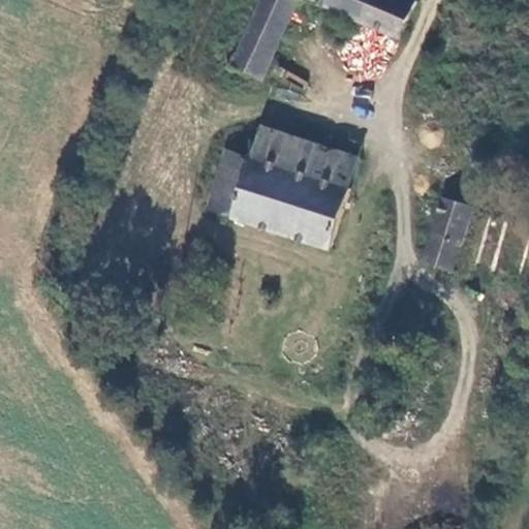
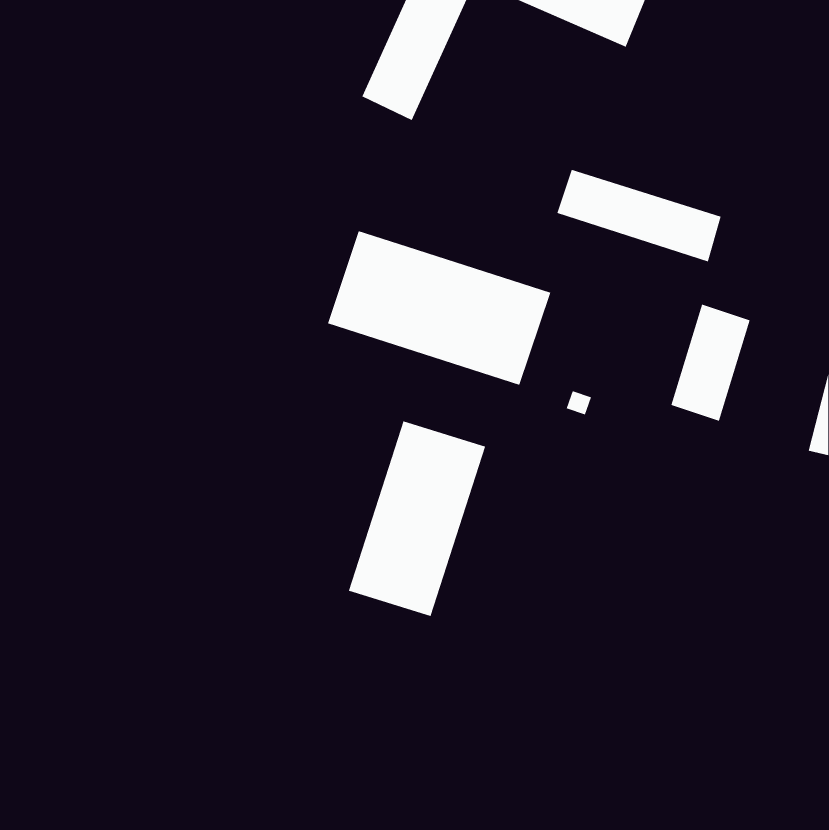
building: [252,126,356,185] -> [556,169,722,262]
building: none -> [348,421,486,617]

